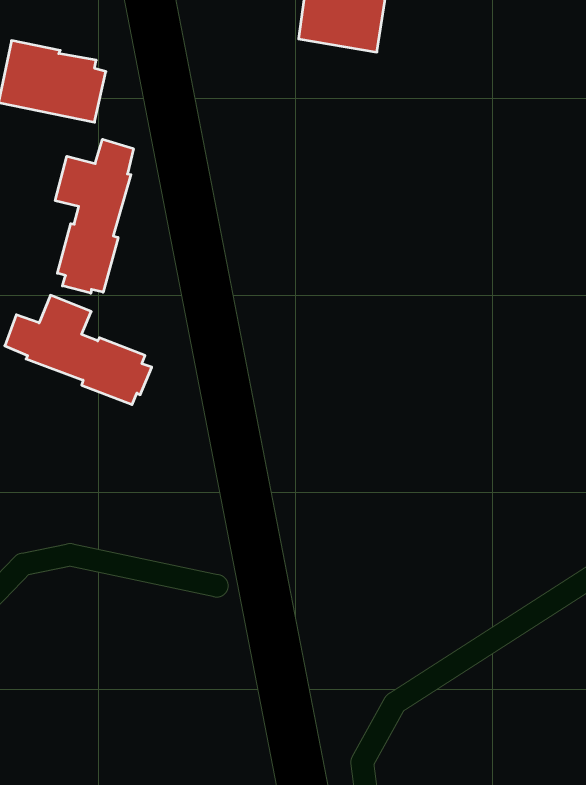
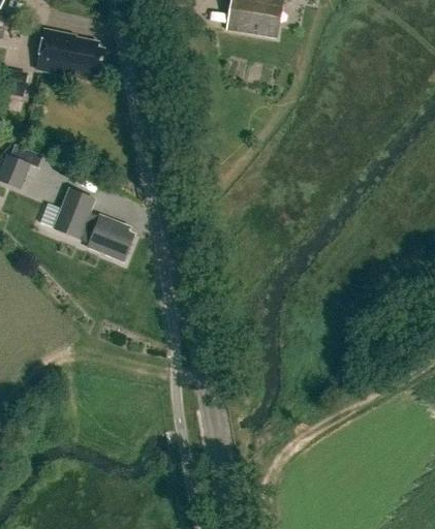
building: [55,139,133,293] -> none

